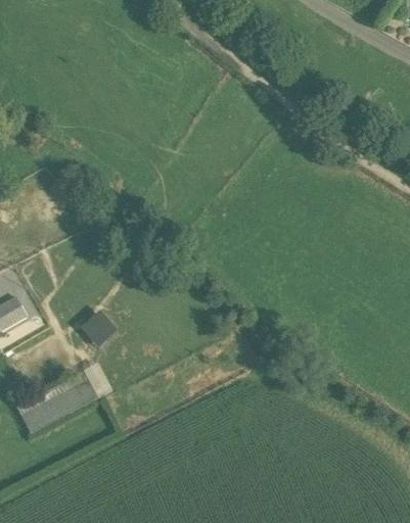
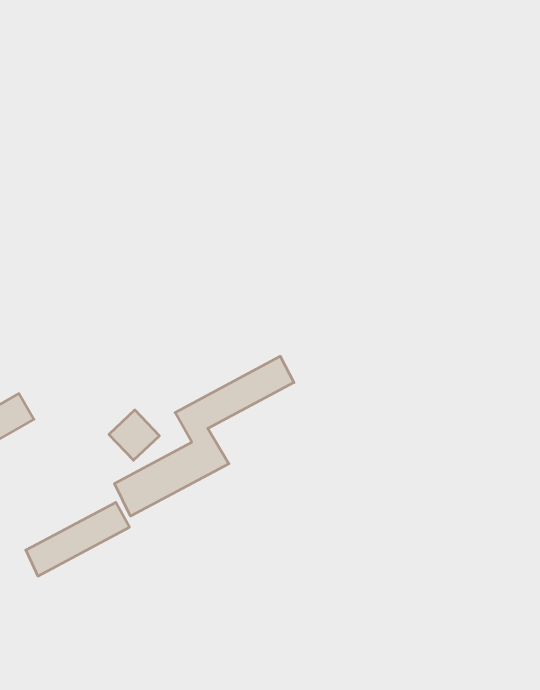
building: none -> [115,356,294,516]

